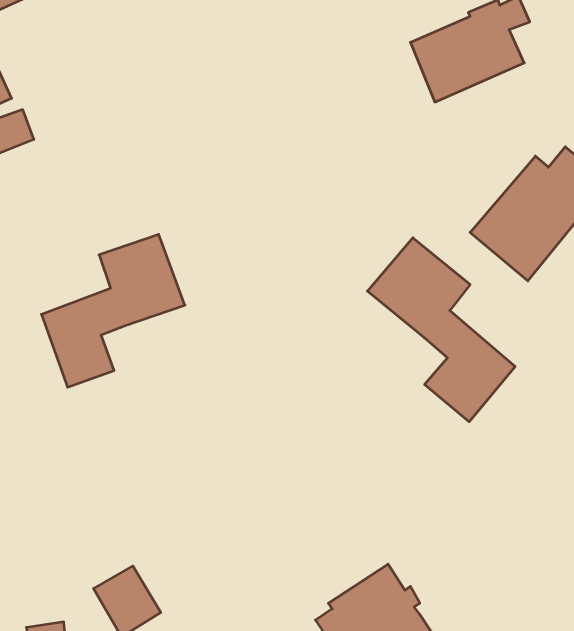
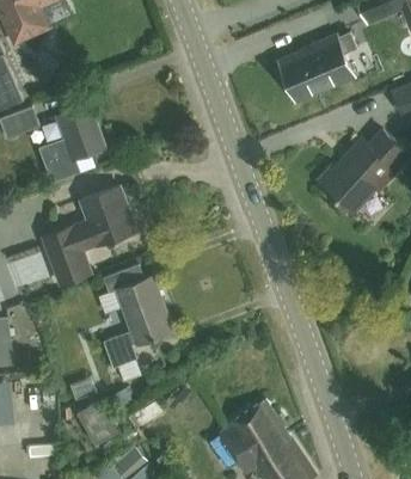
building: none -> [39,104,104,182]
building: [367,238,515,422] -> none
building: none -> [103,265,172,367]

